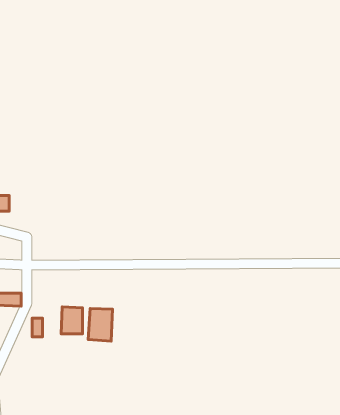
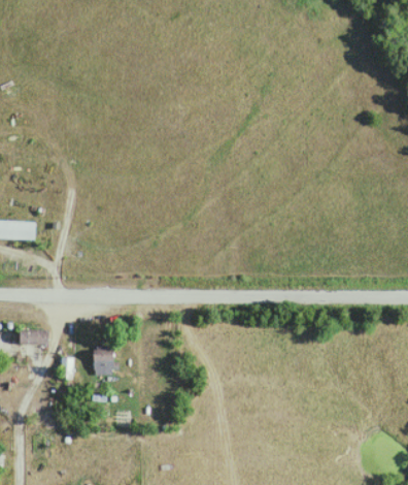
building: [88,309,112,341] -> none

